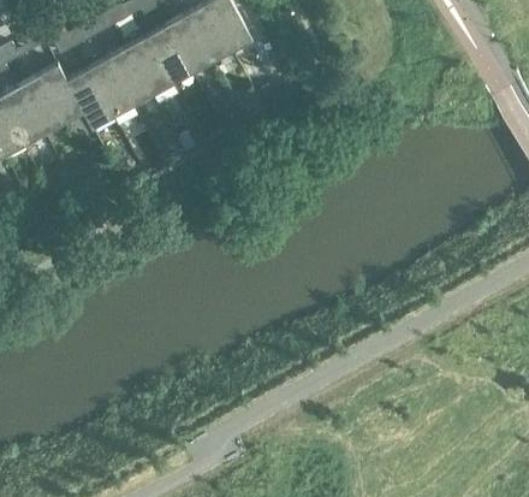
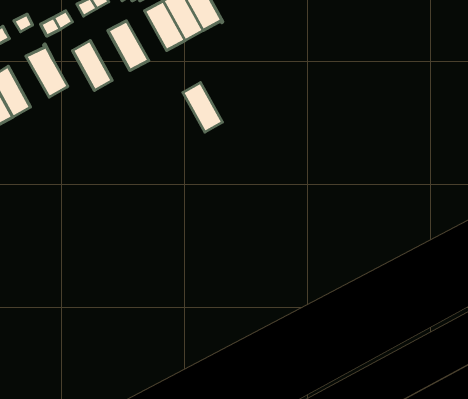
building: [147,28,190,82] -> [183,82,223,132]
building: [107,49,150,103] -> none
building: [67,71,112,129] -> none
building: [18,77,63,132] -> none

